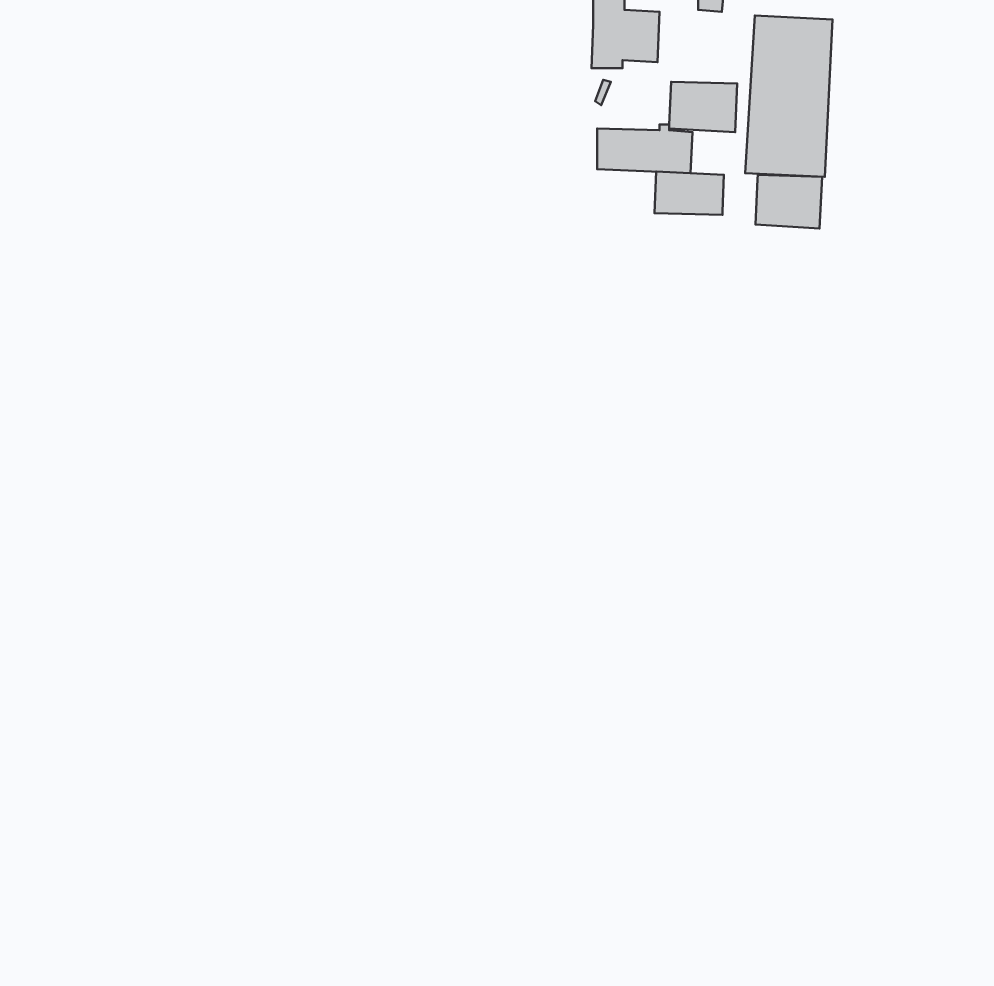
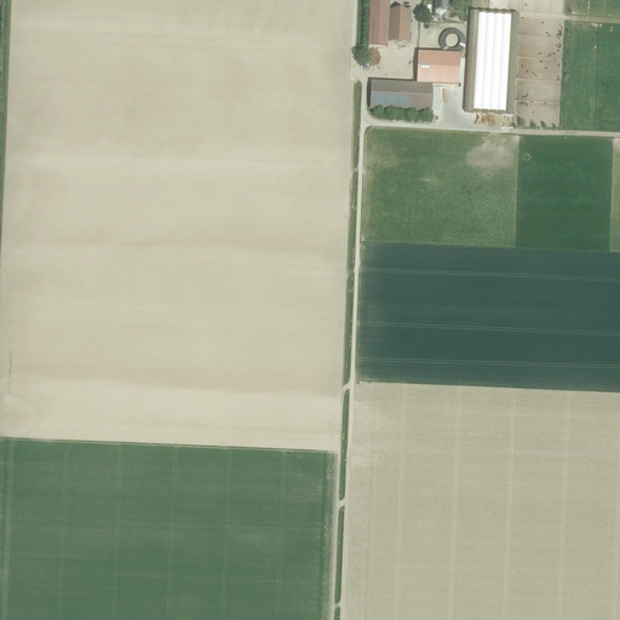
building: [654,172,724,215] -> none
building: [755,175,822,228] -> none

